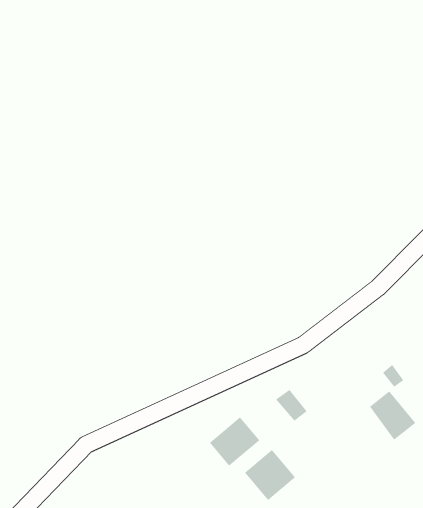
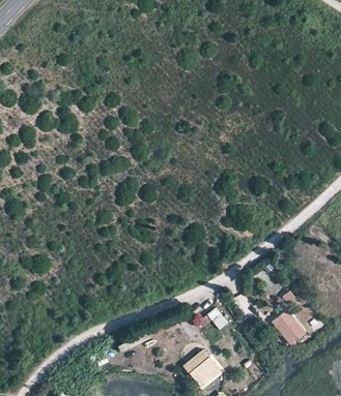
building: [209,416,260,467] -> none

